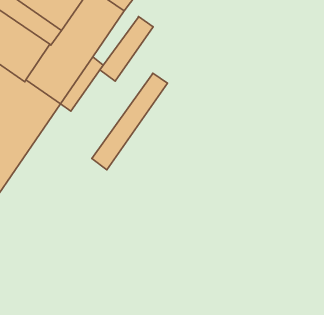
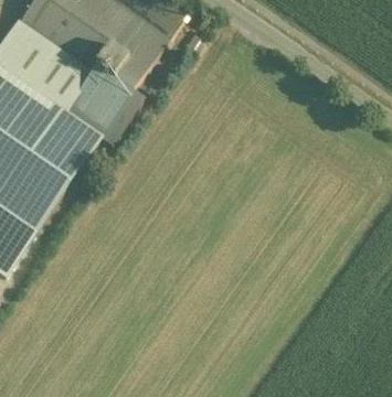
building: [100,17,153,81] -> none
building: [92,73,168,170] -> none

